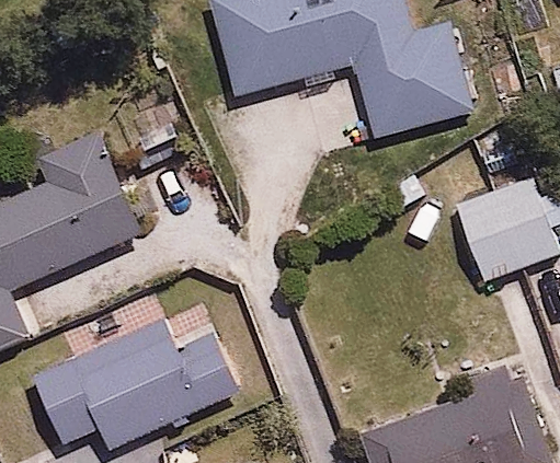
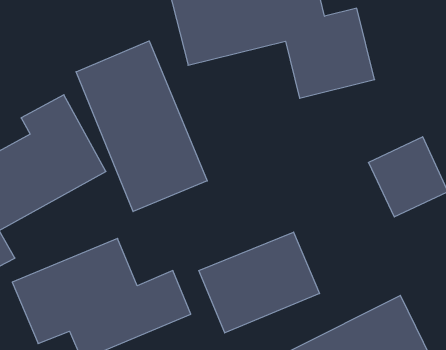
building: none -> [76,41,207,212]
building: none -> [199,232,319,333]

